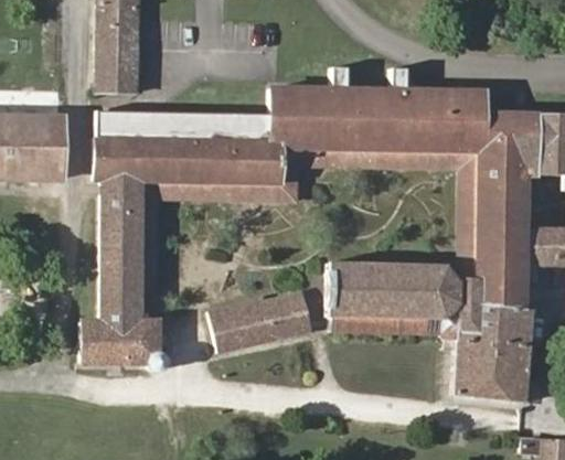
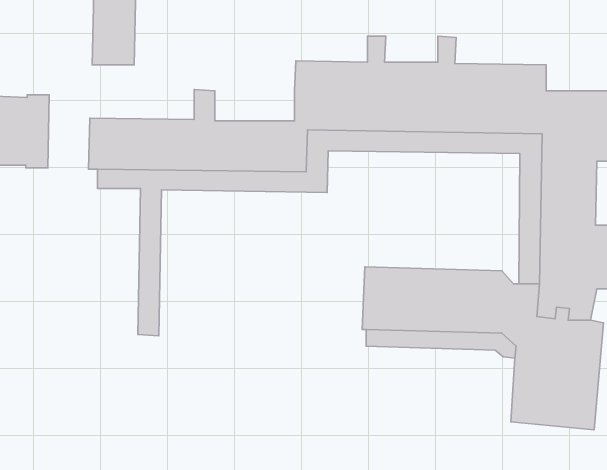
building: [96,111,184,138] -> none
building: [202,114,269,139] -> none
building: [81,196,164,371] -> none
building: [209,292,312,352] -> none

